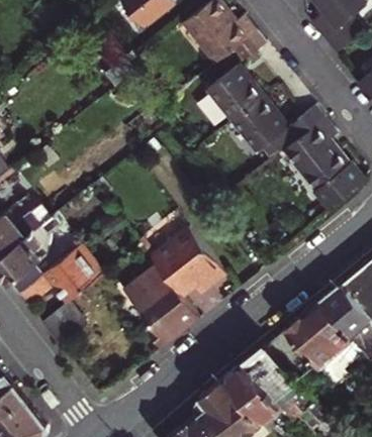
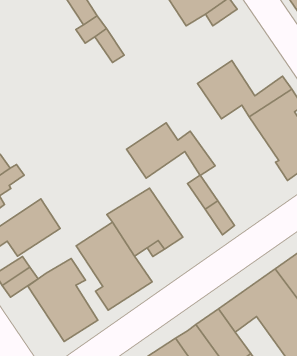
building: [207,66,263,120] -> none
building: none -> [127,123,215,178]
building: none -> [28,259,98,341]

